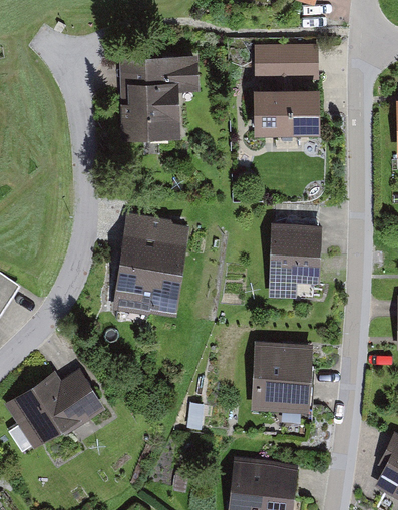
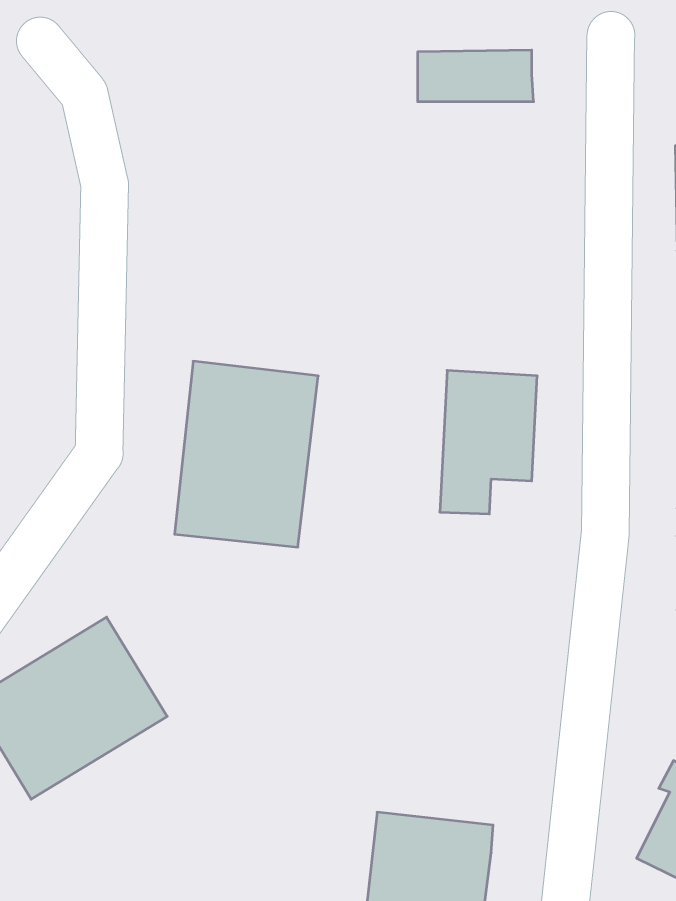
building: [122,52,207,144] -> none
building: [252,87,318,133] -> none
building: [249,342,310,412] -> none

